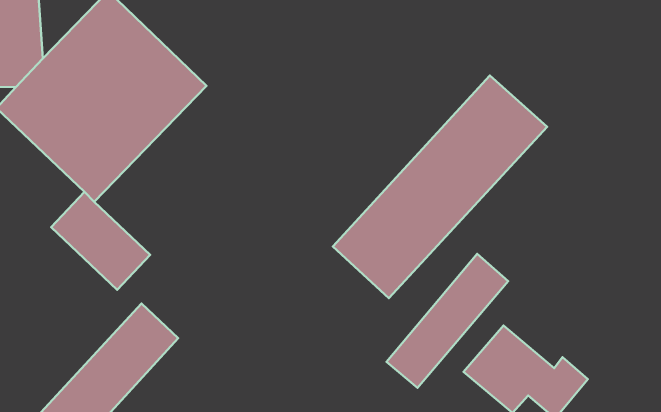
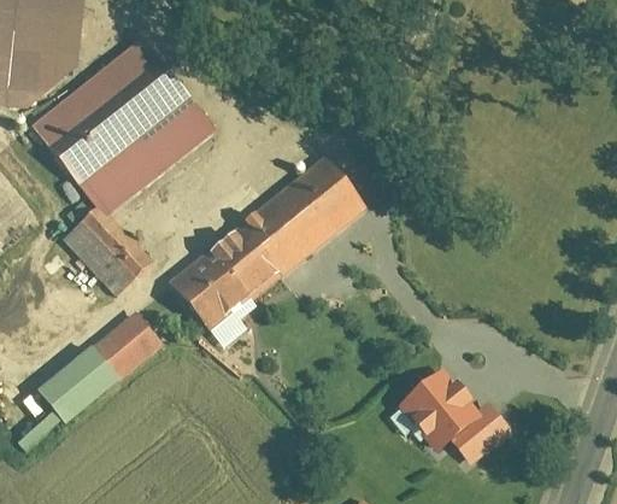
building: [333,76,547,298] -> [172,152,370,332]
building: [386,254,508,388] -> none

